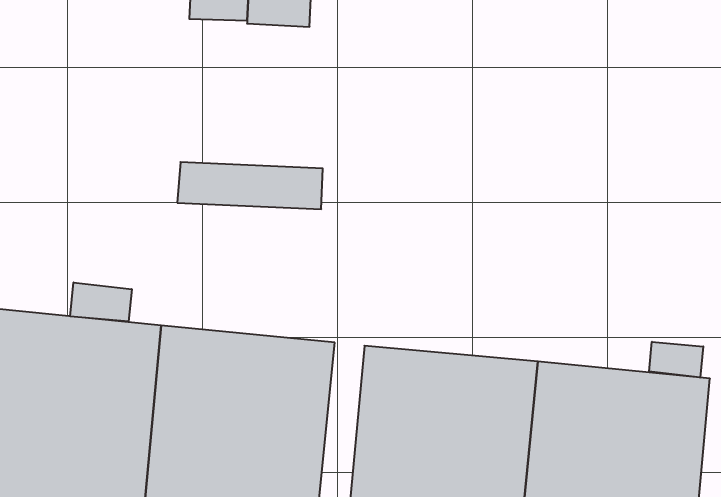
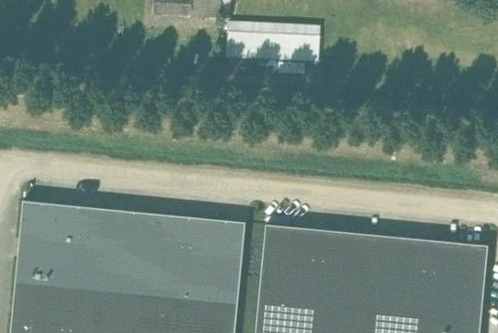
building: [177,162,323,209] -> [226,30,320,61]
building: [70,282,132,322] -> none
building: [649,342,703,378] -> none

